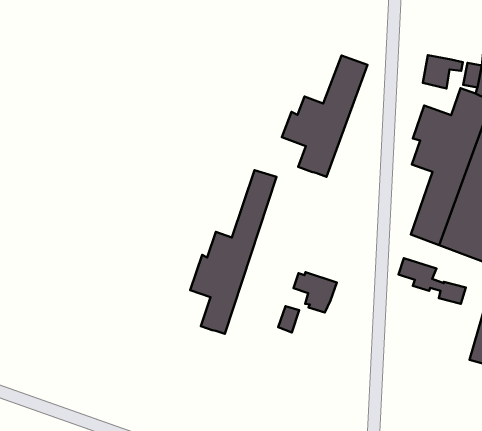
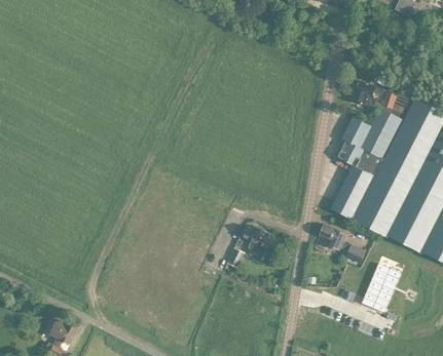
building: [282,56,367,177] -> none
building: [190,170,276,334] -> none

